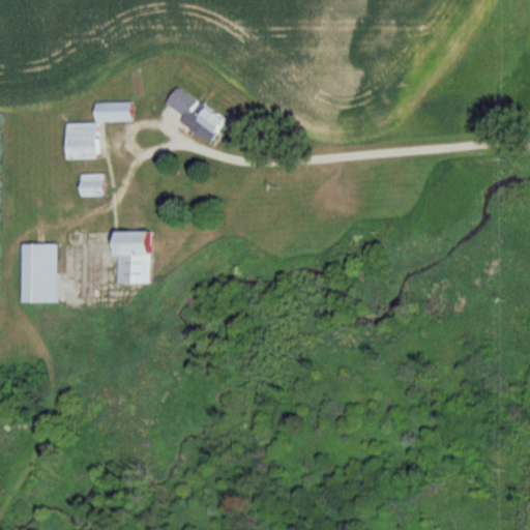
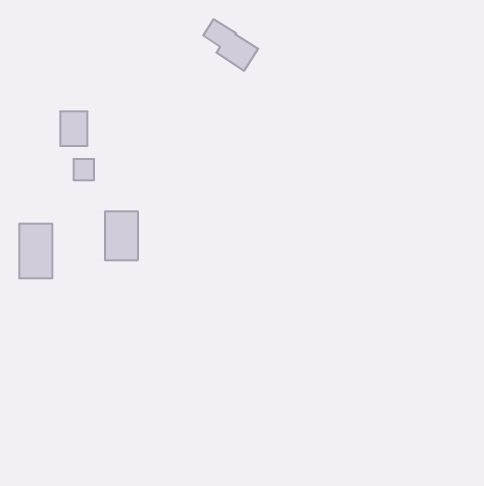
building: [165,87,225,143] -> [203,19,258,71]
building: [94,102,130,121] -> none

